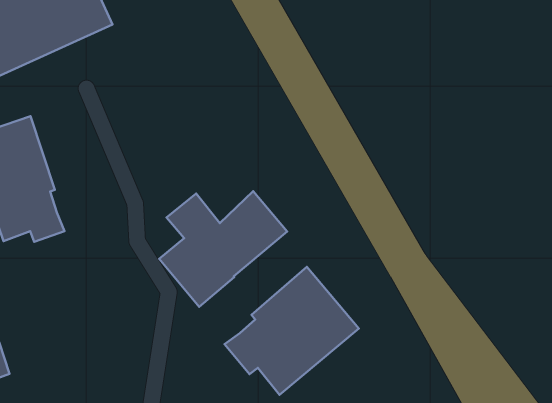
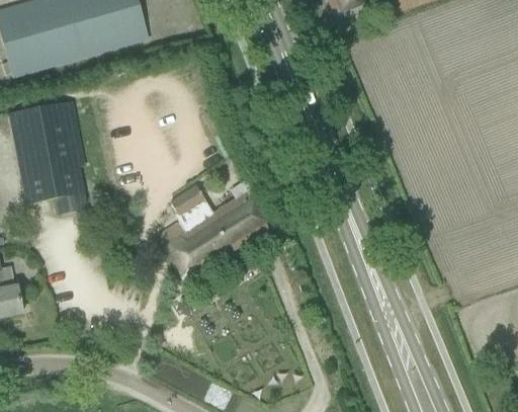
building: [224,267,359,395] -> none

